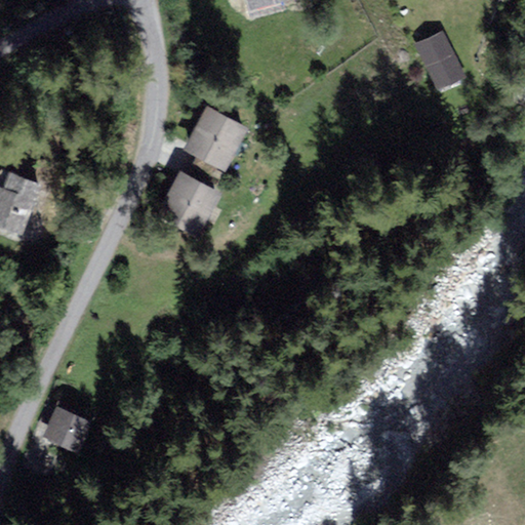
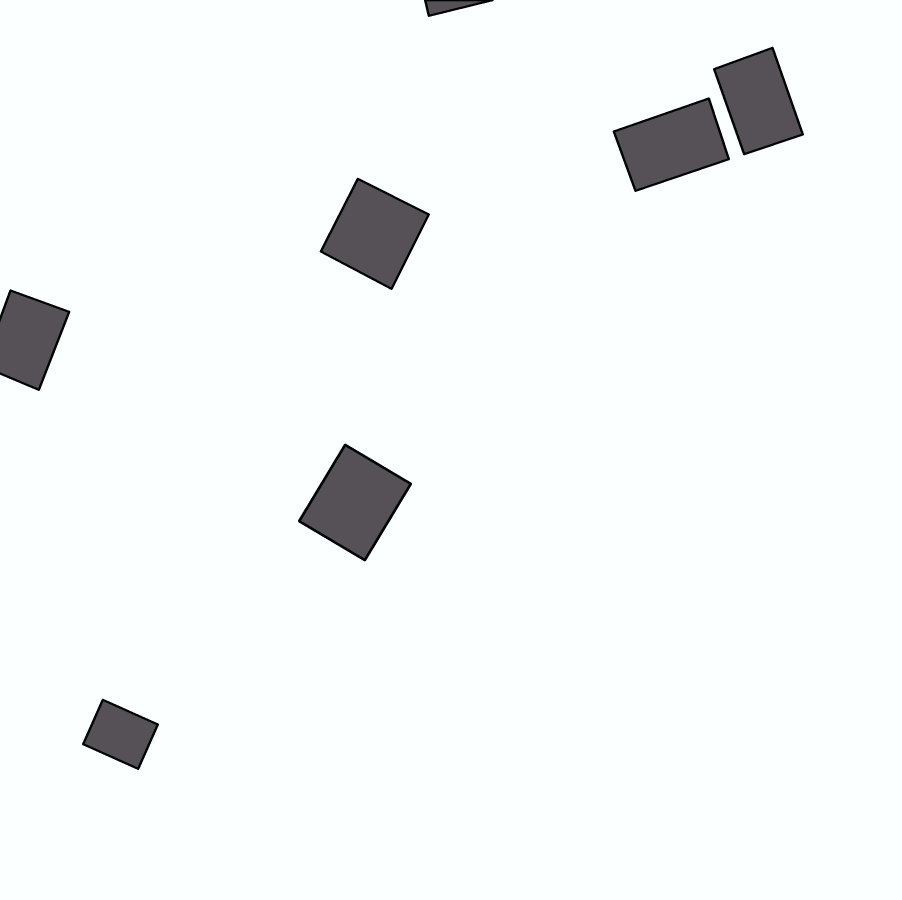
building: none -> [614,99,729,191]
building: [156,171,220,238] -> [299,445,411,560]

